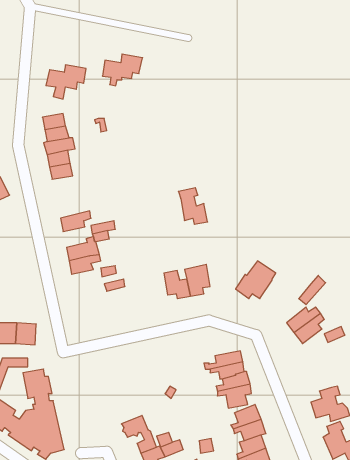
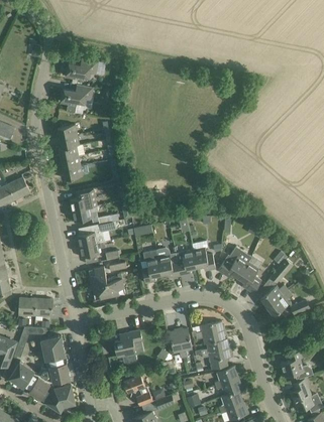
building: [102,54,143,86] -> [66,58,99,85]
building: [178,188,208,224] -> [192,241,216,271]
building: none -> [70,188,98,212]
building: none -> [142,250,161,283]
building: none -> [238,263,261,293]
building: none -> [89,267,125,300]
building: none -> [170,328,192,359]
building: none -> [115,330,142,364]

